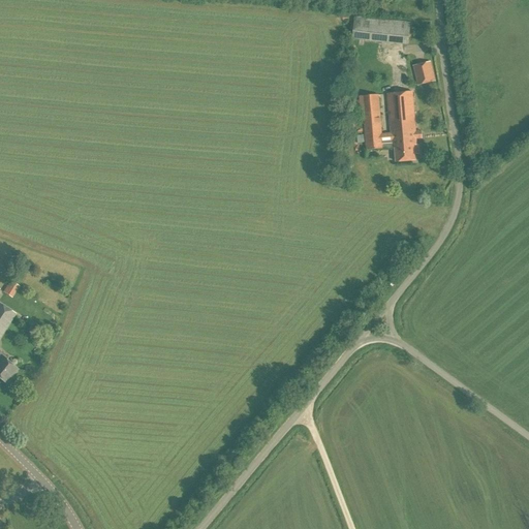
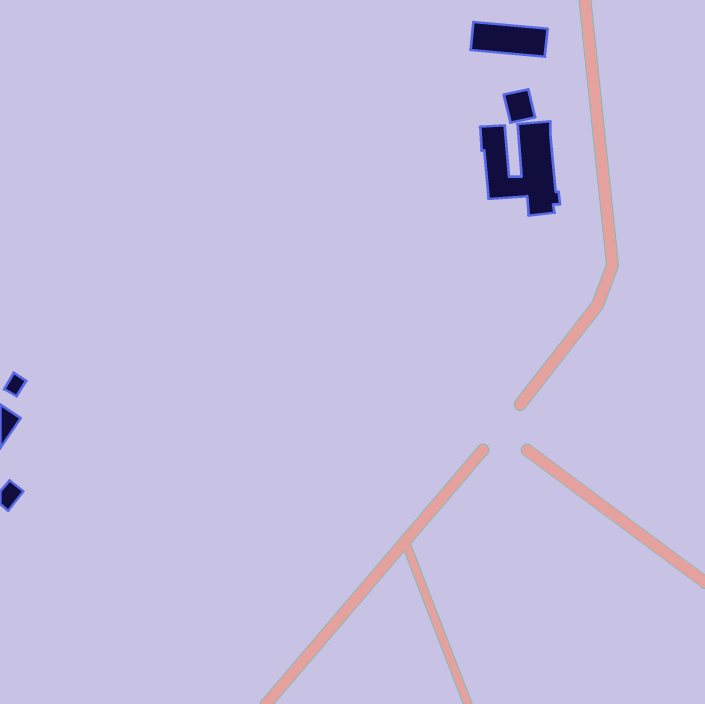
building: [412,60,436,85] -> [504,89,535,123]

